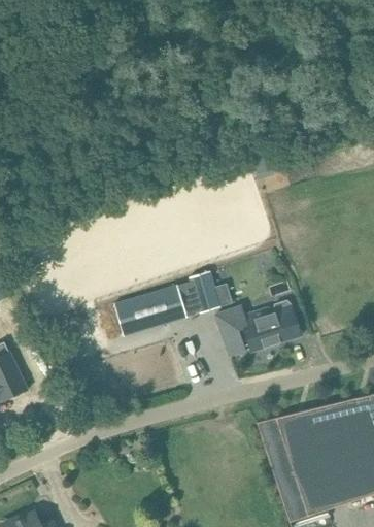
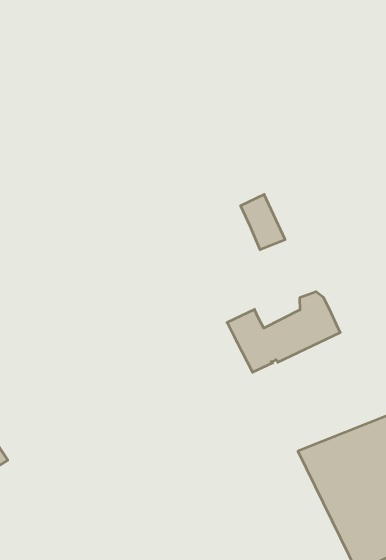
building: [190,269,220,311] -> [241,194,285,250]
building: [114,284,186,334] -> none

